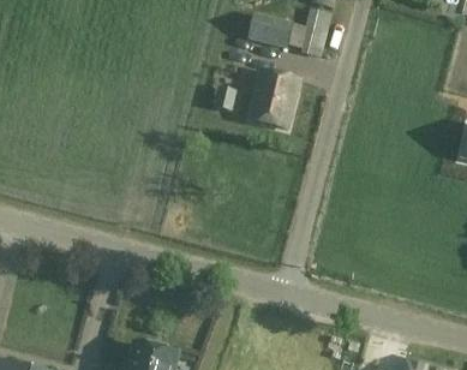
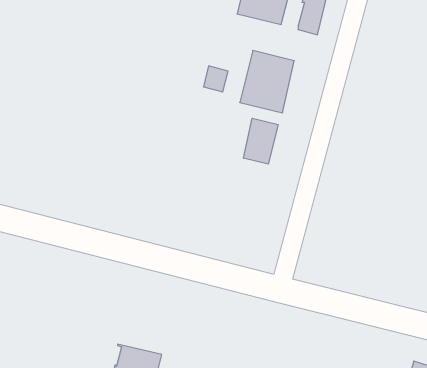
building: none -> [243,118,278,164]

